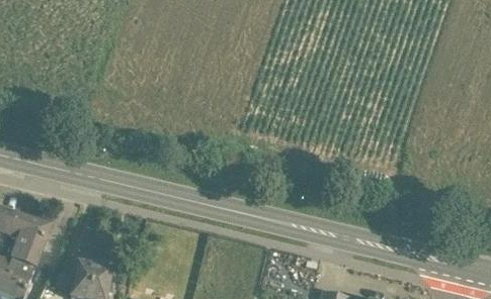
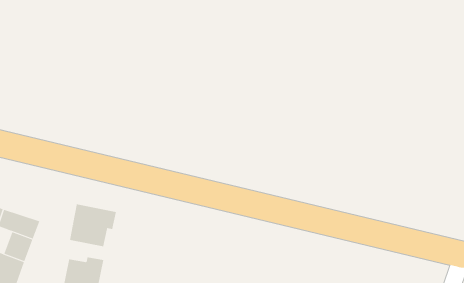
building: none -> [69,204,117,247]

